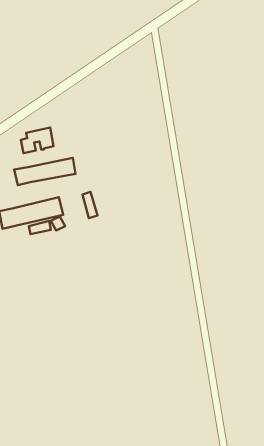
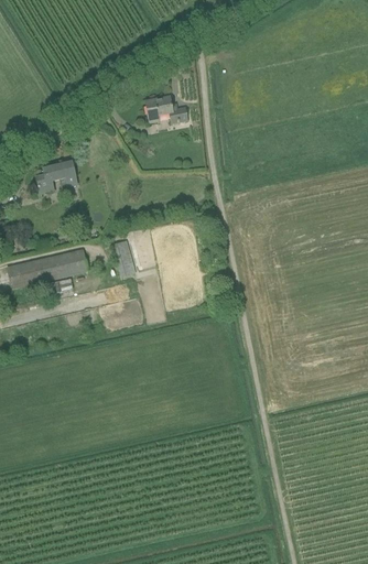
building: none -> [145,98,187,122]
building: [14,158,76,185] -> none

